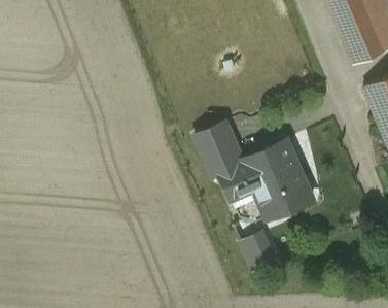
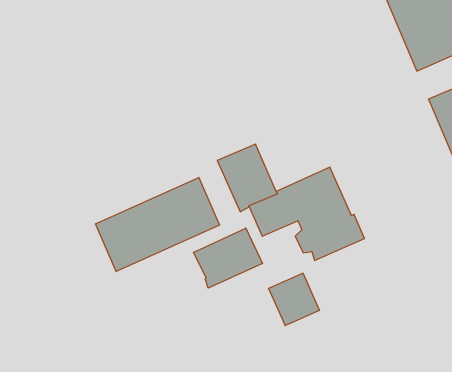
building: none -> [96,177,220,272]
building: none -> [193,228,262,288]

